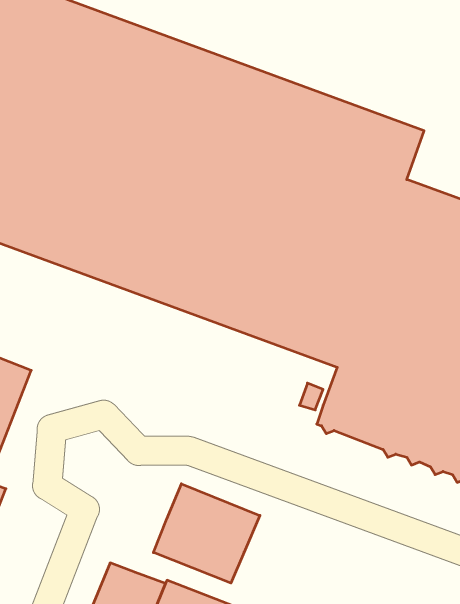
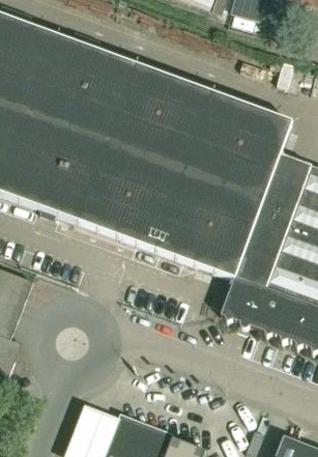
building: [153,484,260,583] -> none

